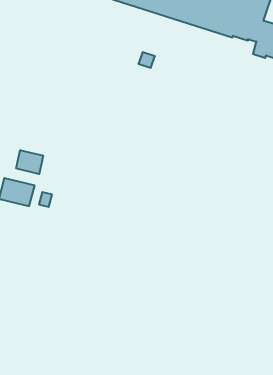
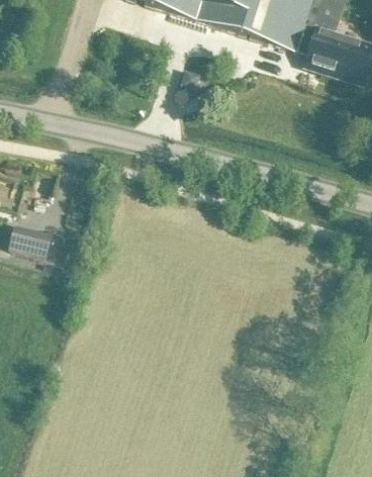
building: [16,150,43,174] -> none

